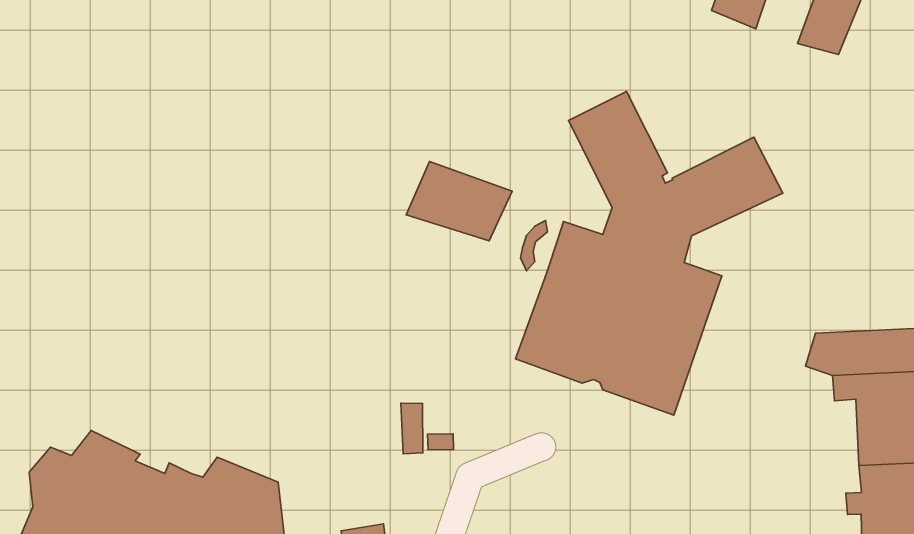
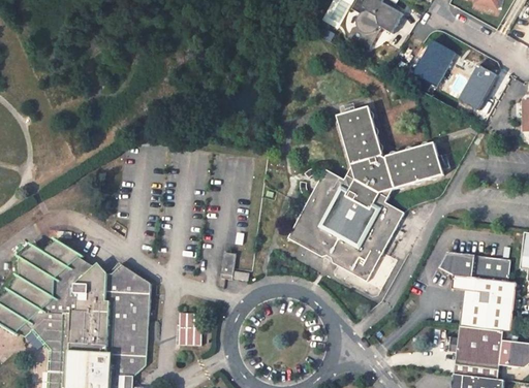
building: [406,162,512,241] -> none

